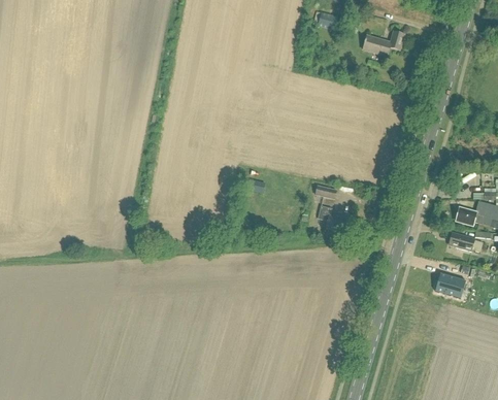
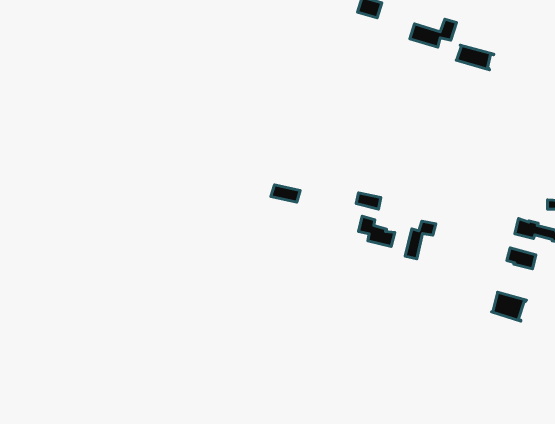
building: none -> [456,45,494,70]
building: none -> [405,221,436,259]

